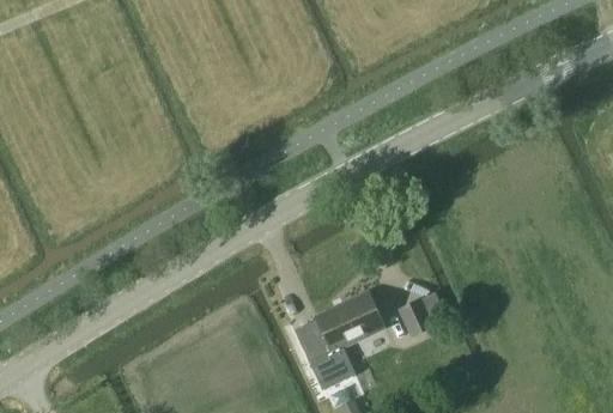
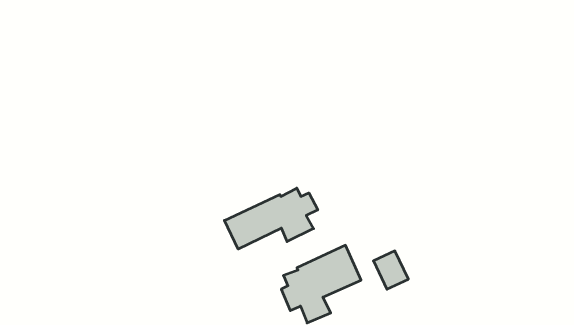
building: none -> [224,188,318,249]

